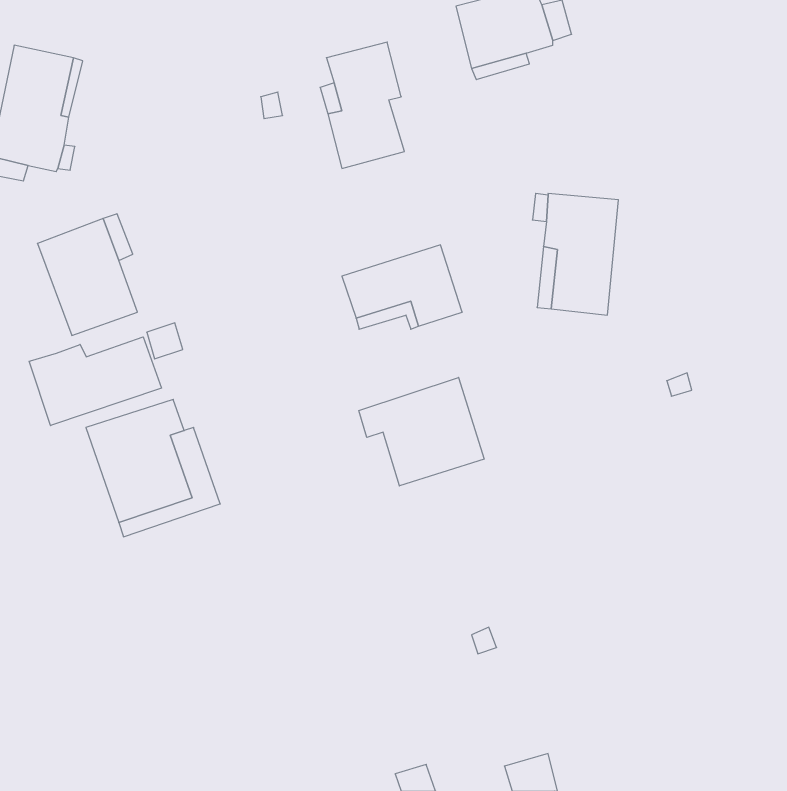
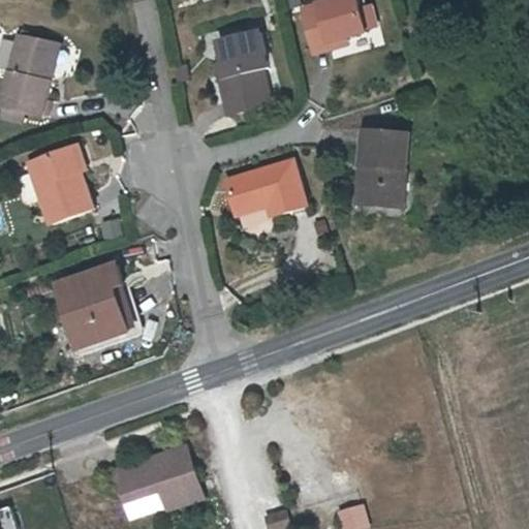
building: [29,337,161,426] -> none
building: [359,377,484,486] -> none
building: none -> [104,457,190,520]

